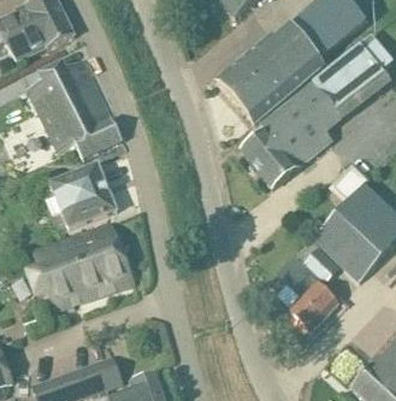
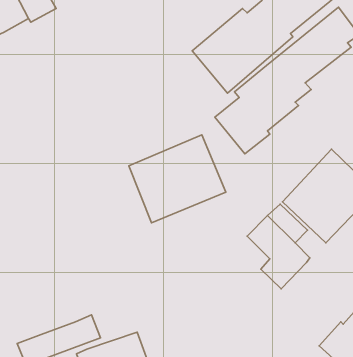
building: [26,63,120,157] -> none
building: [51,164,116,229] -> none
building: [31,219,134,312] -> [129,135,226,223]

